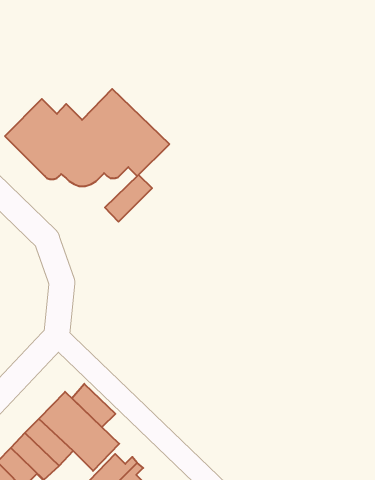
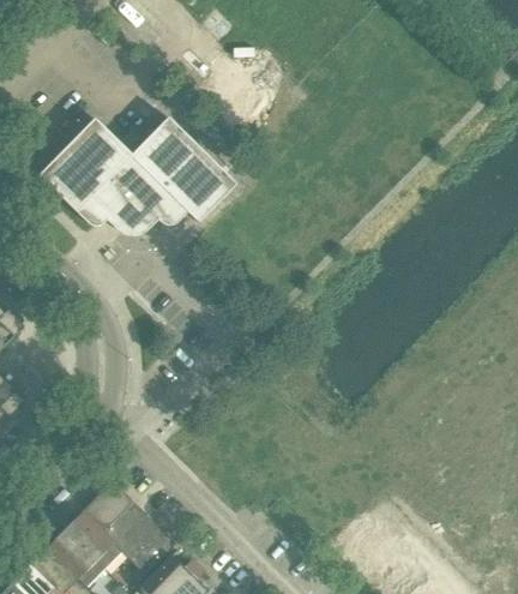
building: [105,175,152,222] -> none
building: [72,384,115,427] -> none

